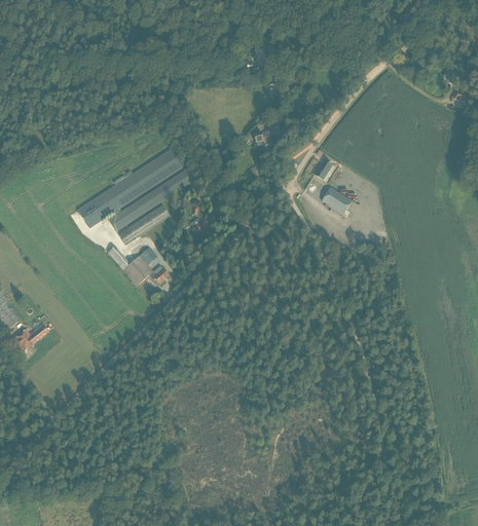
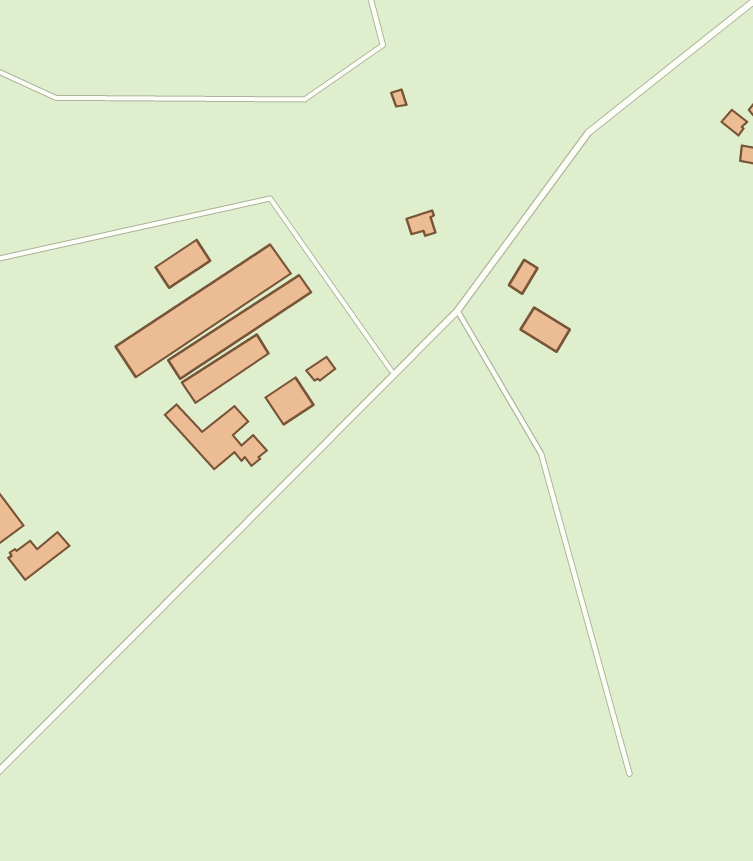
building: none -> [155,240,210,288]
building: none -> [265,378,313,425]

